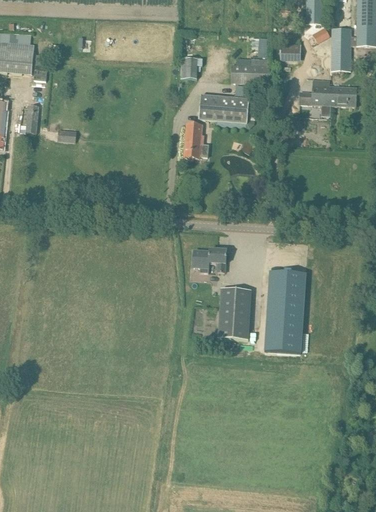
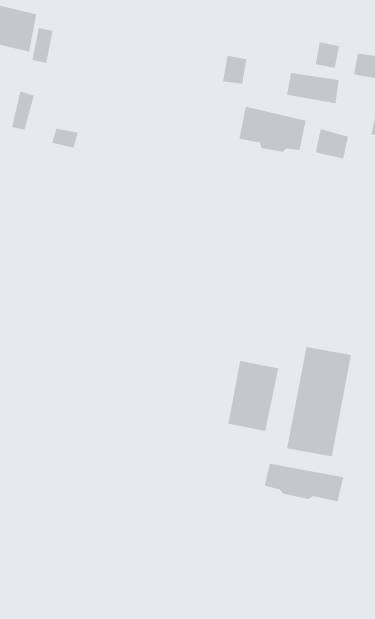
building: none -> [315,128,349,160]
building: [184,123,209,158] -> none
building: [193,248,227,271] -> none
building: none -> [264,463,344,502]

